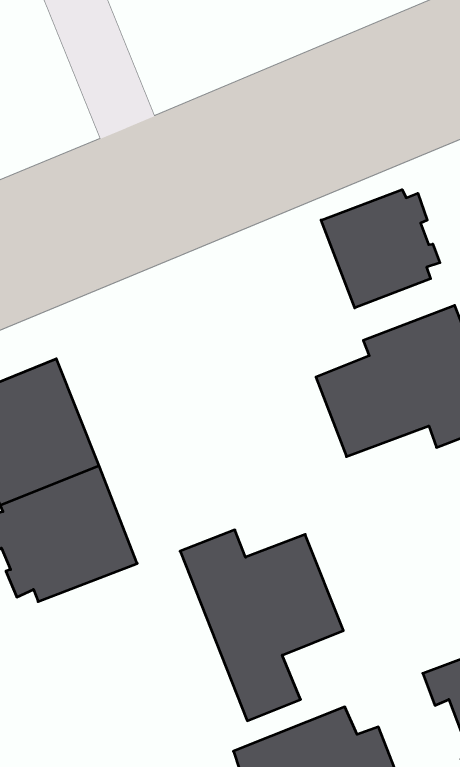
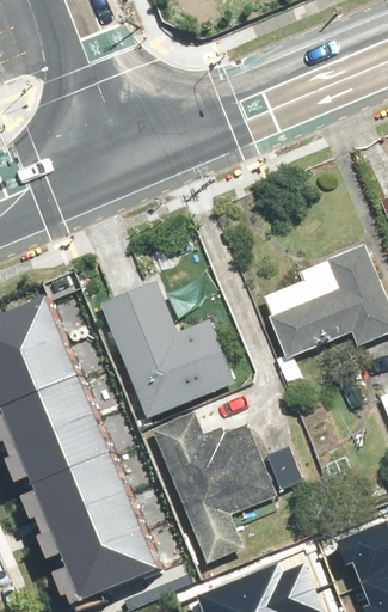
building: [321,190,440,308] -> none
building: none -> [93,283,232,428]
building: none -> [29,447,162,595]

